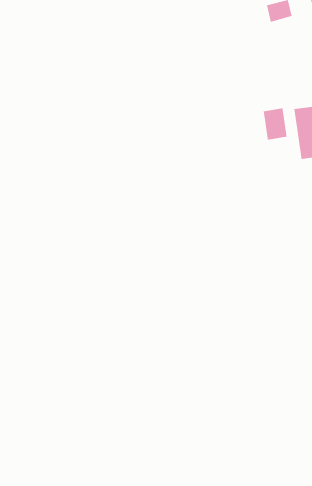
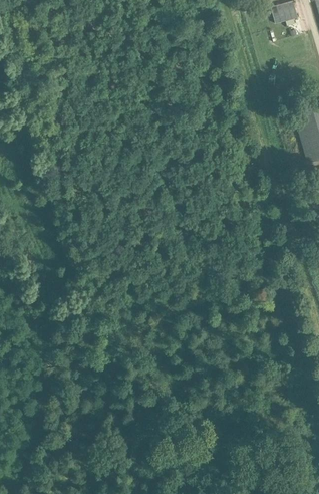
building: [263,107,287,141] -> none

